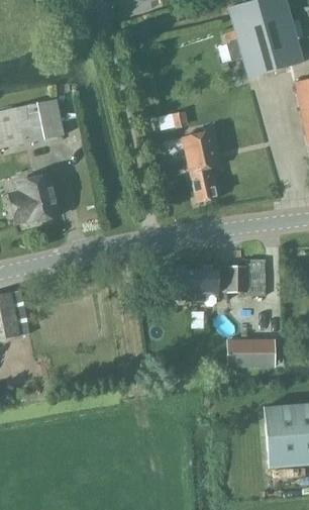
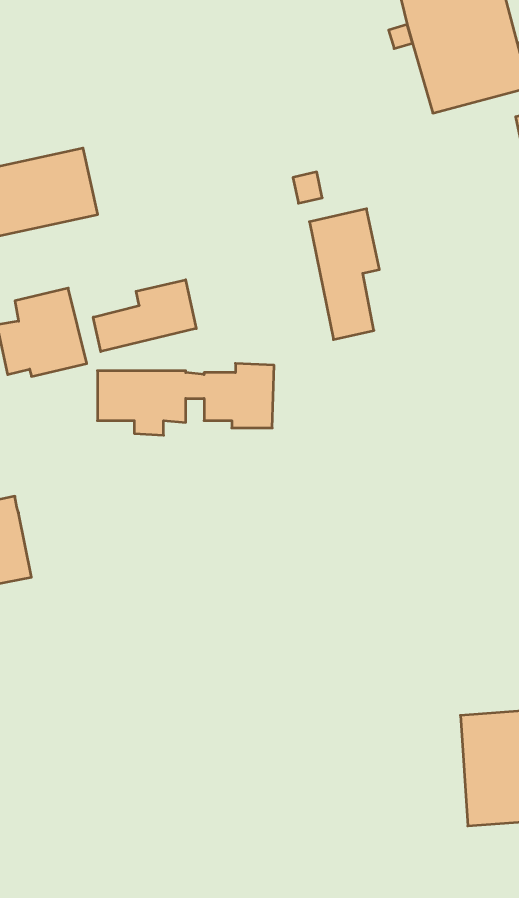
building: none -> [93,280,196,352]
building: [169,260,266,299] -> [97,363,274,435]
building: [228,339,276,367] -> none

